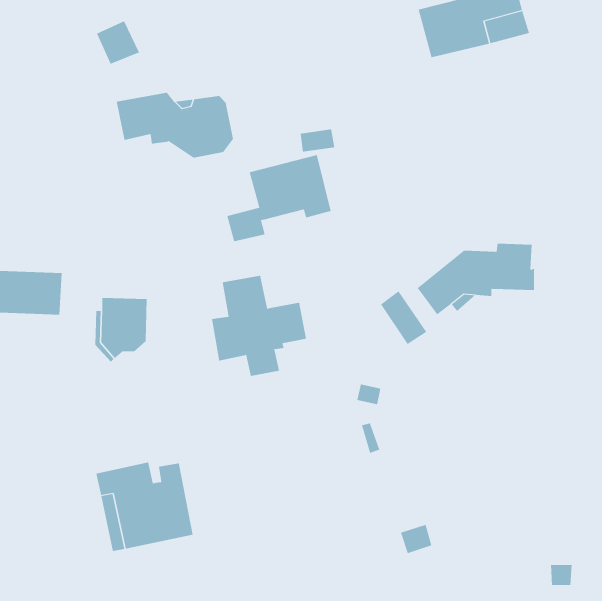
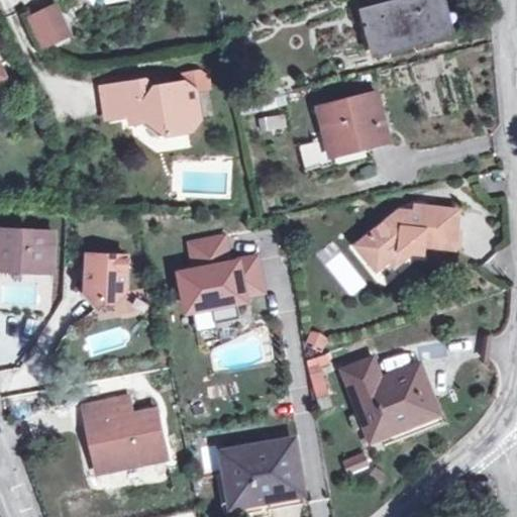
building: [96,21,140,64] -> [28,8,66,45]
building: [227,154,332,242] -> [298,93,388,168]
building: none -> [342,357,429,440]
building: none -> [222,439,300,504]

